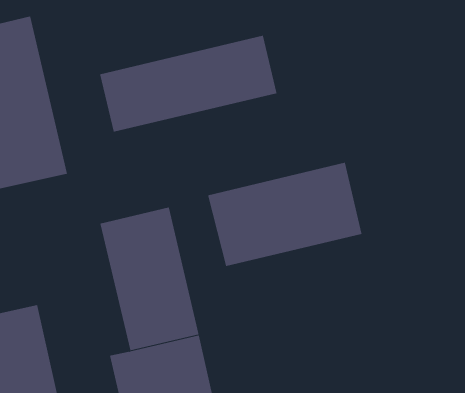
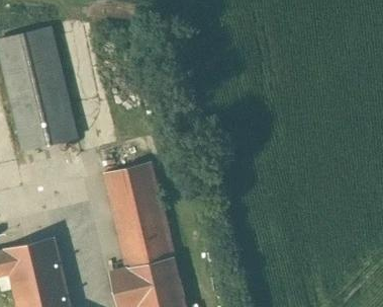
building: [99,35,277,133] -> none
building: [208,162,362,267] -> none

